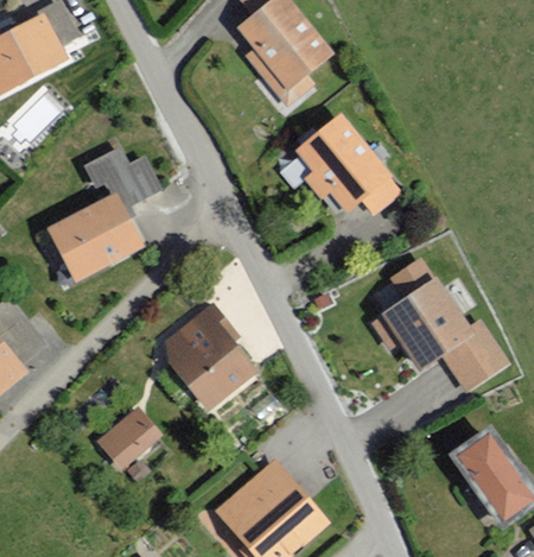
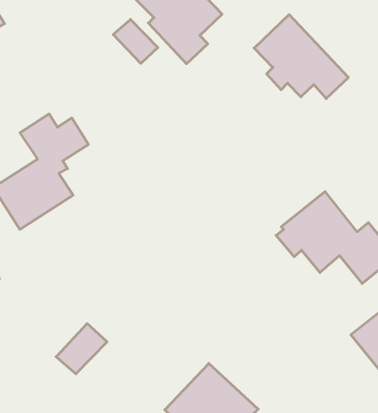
building: none -> [113,19,158,63]
building: [291,115,399,219] -> [254,15,348,99]
building: [160,305,252,413] -> none

